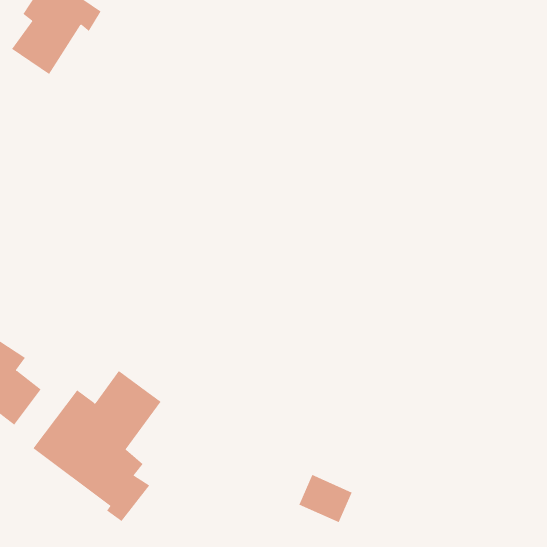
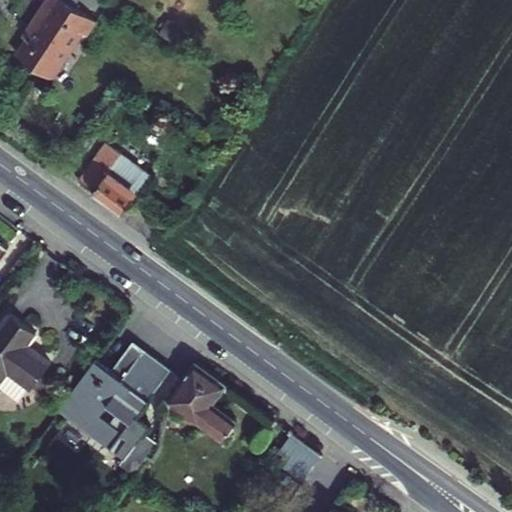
building: none -> [83,139,155,216]
building: none -> [154,361,223,439]

